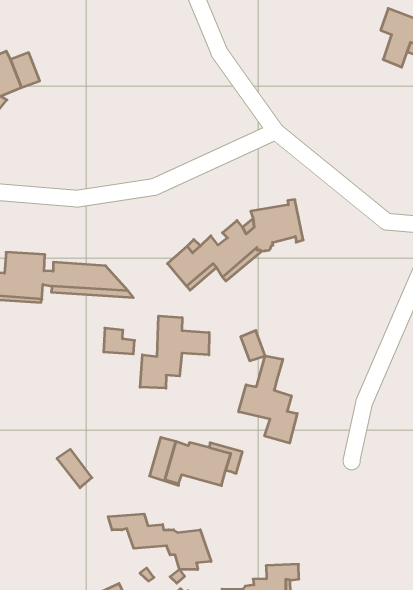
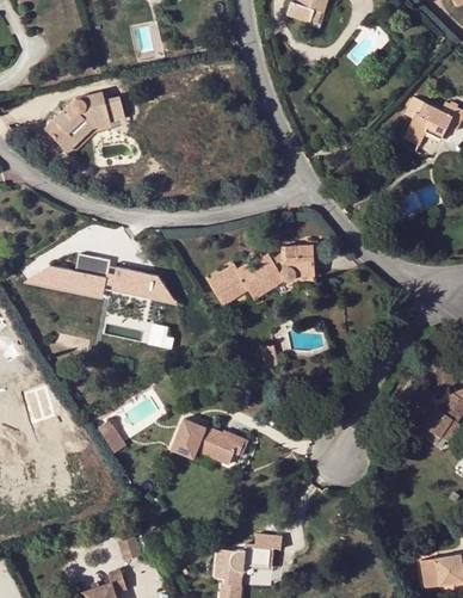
building: [140,316,209,388] -> none
building: [239,356,297,443] -> none
building: [108,514,211,570] -> none

